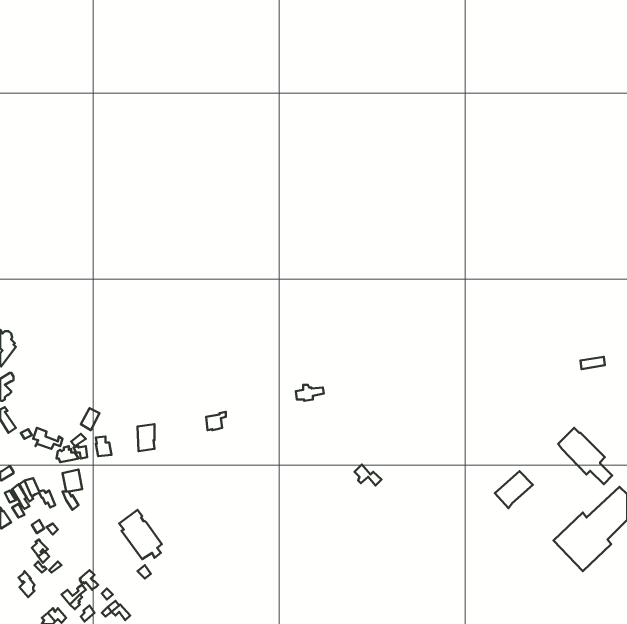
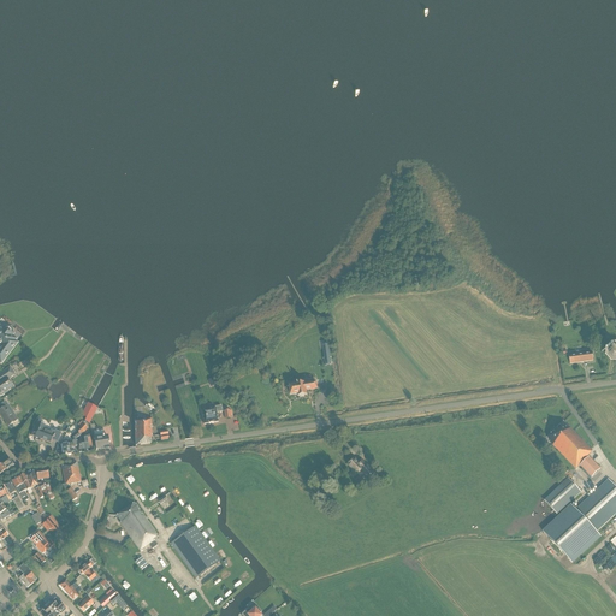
building: [495,471,533,508] -> [544,476,581,513]
building: none -> [171,525,220,576]

